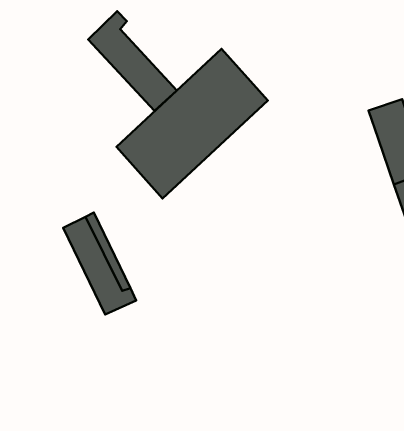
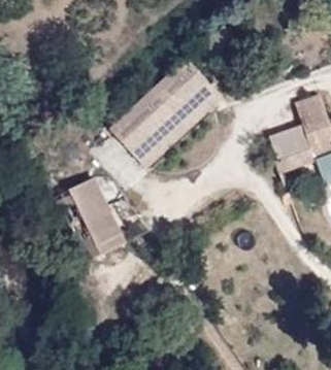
building: [88,11,177,111] -> none
building: none -> [268,124,312,169]

